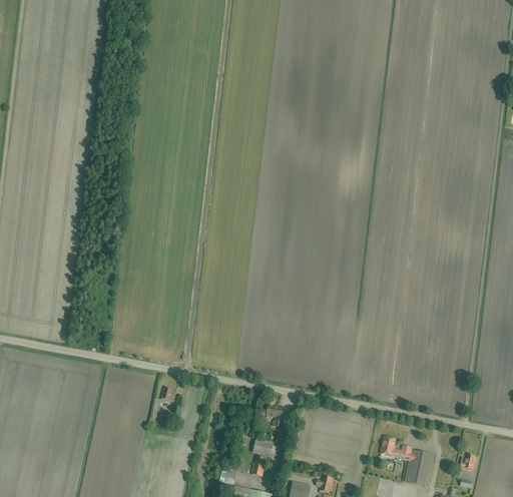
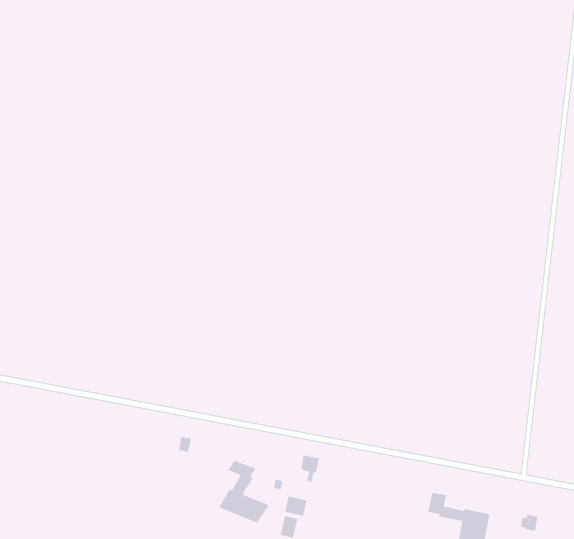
building: none -> [218,460,270,523]

